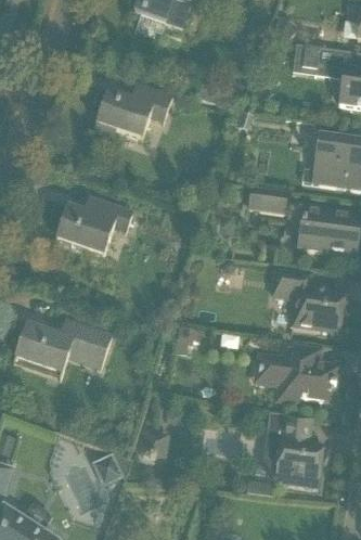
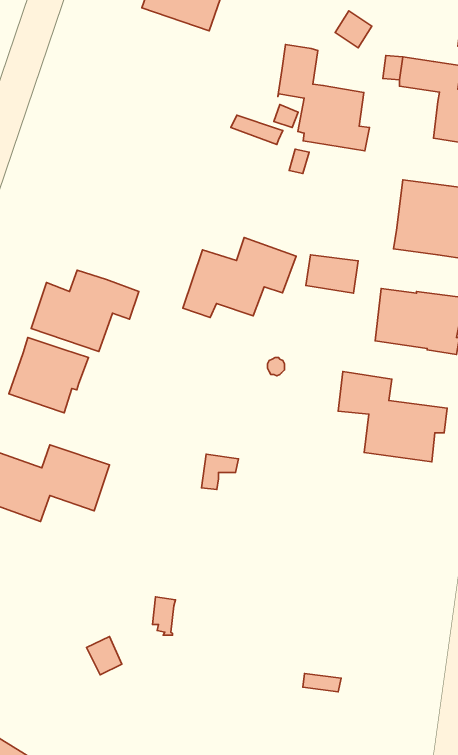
building: none -> [278,44,369,151]
building: [92,80,172,137] -> [183,238,296,317]
building: none -> [9,337,89,413]
building: [252,342,339,401] -> none
building: [268,410,322,486] -> none

